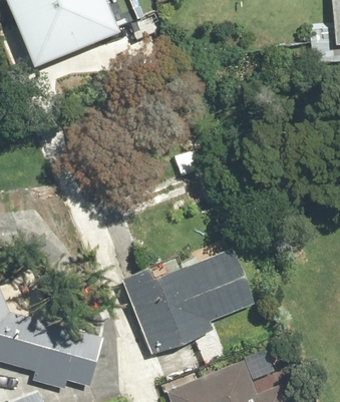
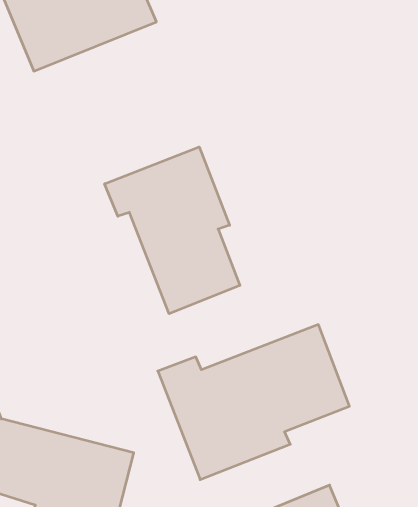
building: none -> [105,147,240,314]

